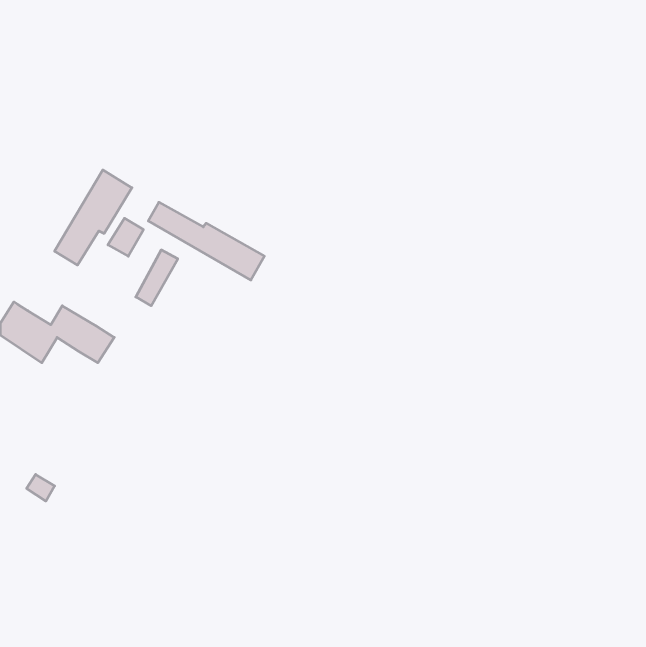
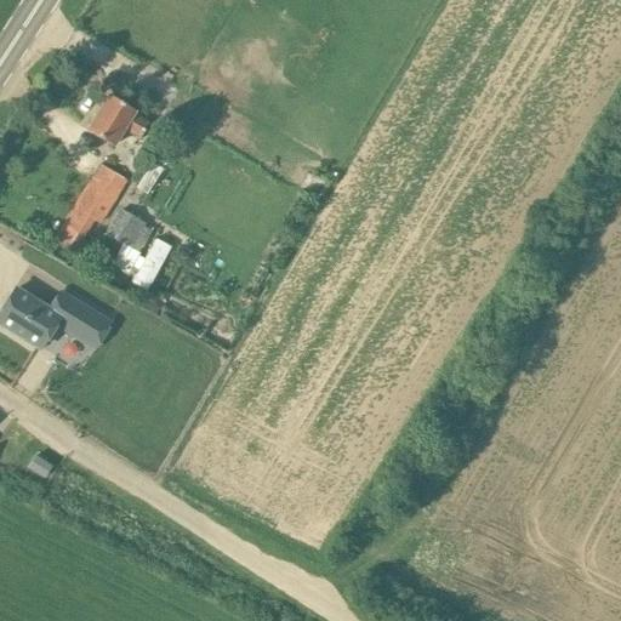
building: none -> [89,93,150,144]
building: [148,202,264,280] -> none

